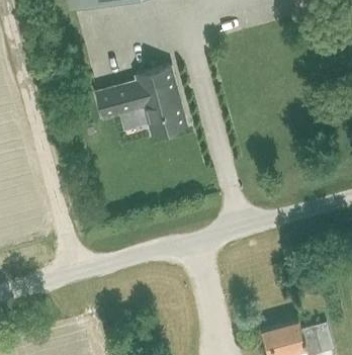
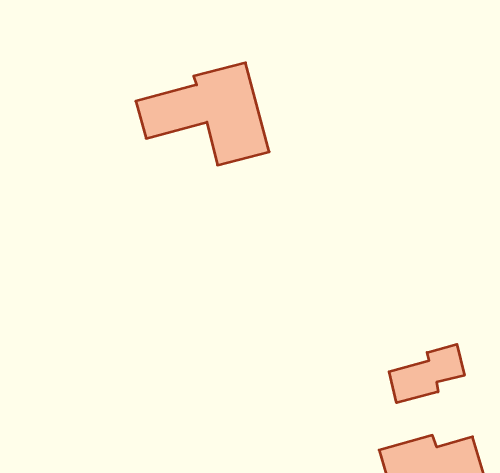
building: none -> [389,344,464,403]

